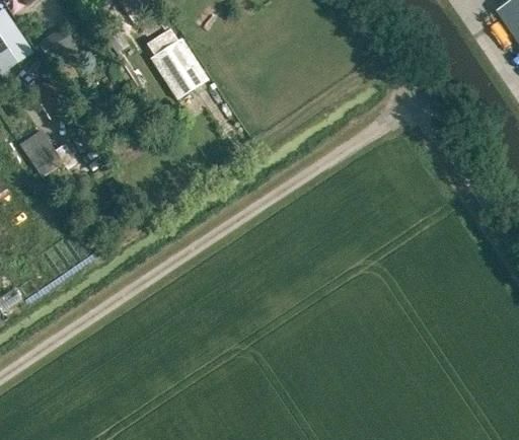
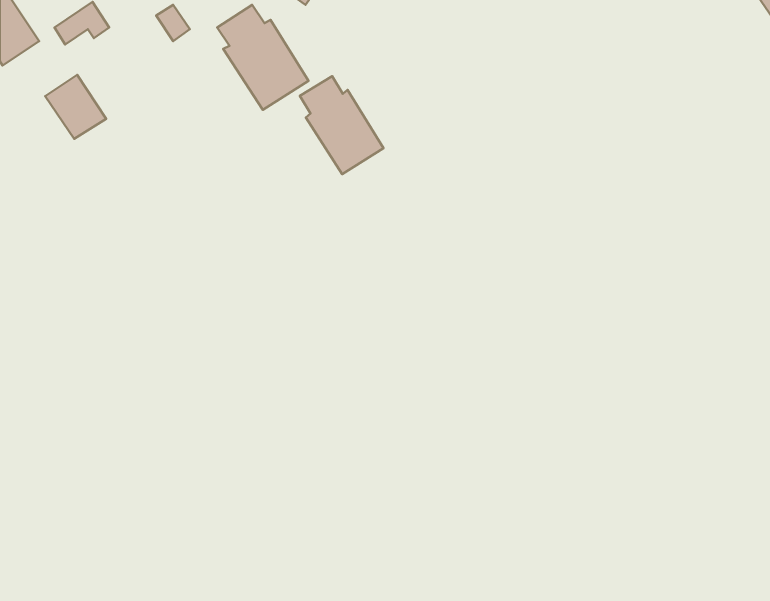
building: none -> [300,76,384,174]
building: [20,128,65,175] -> none

